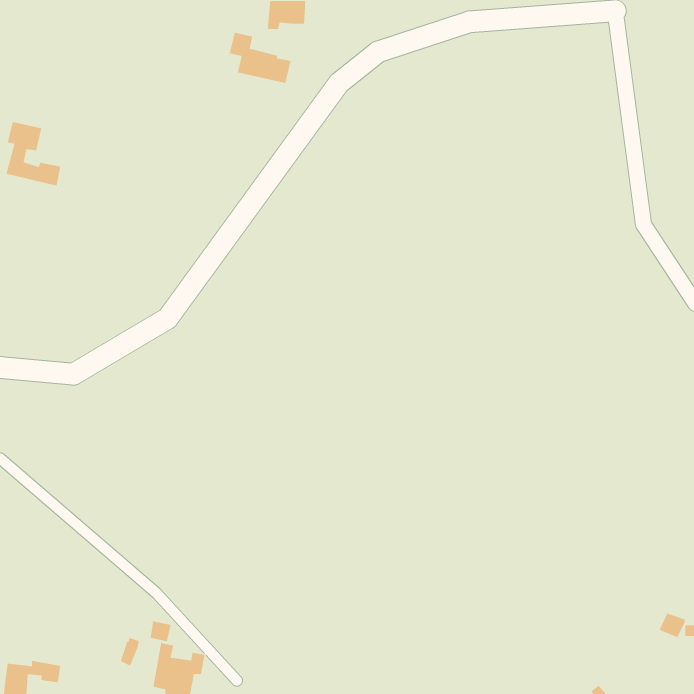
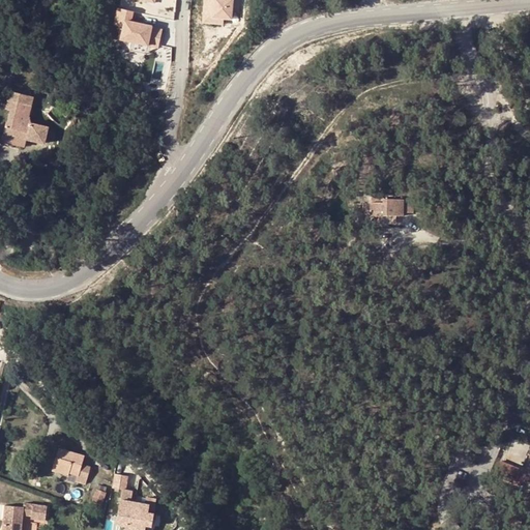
building: [229,32,291,84] -> [116,9,164,49]
building: none -> [376,201,399,218]
building: none -> [54,449,90,483]

